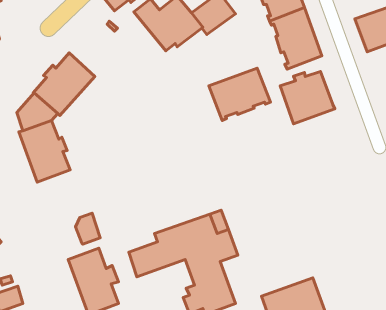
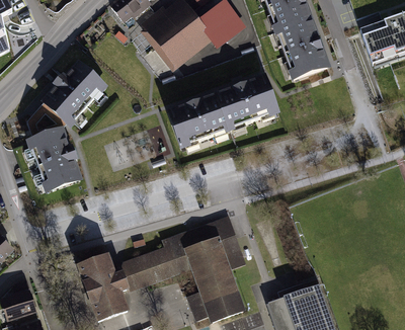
building: [280,72,335,124] -> none
building: none -> [168,95,229,147]
building: [76,213,100,244] -> [120,259,145,290]

